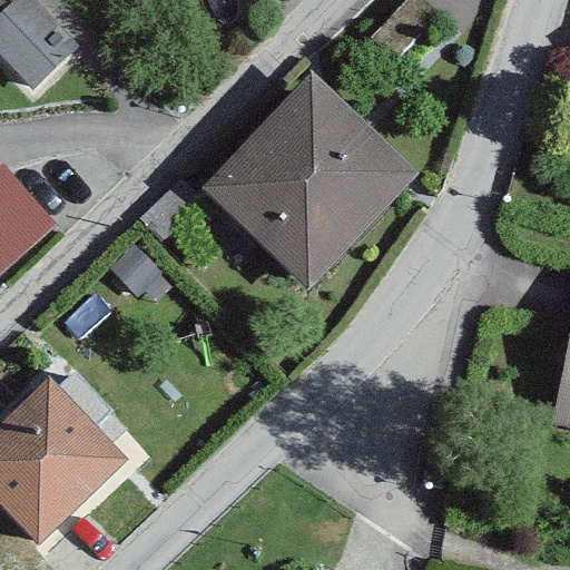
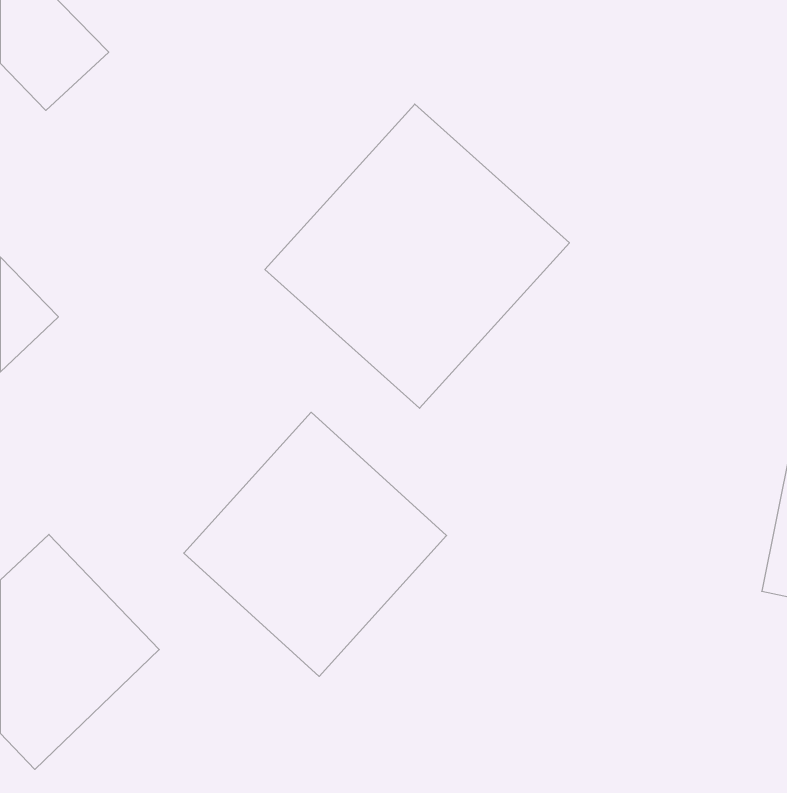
building: none -> [184,412,447,676]

